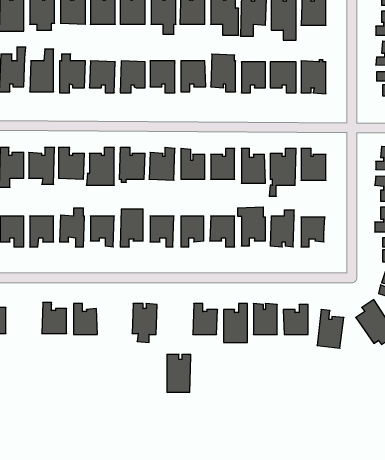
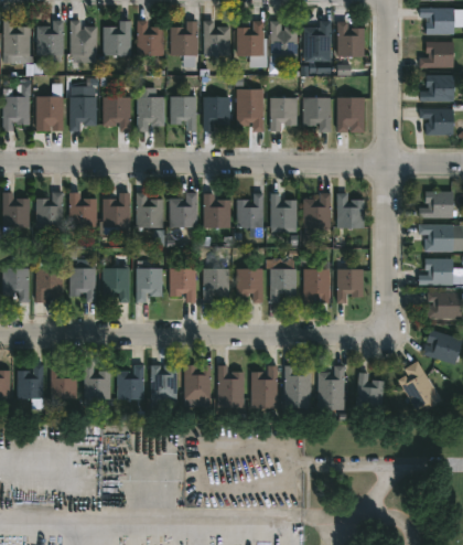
building: none -> [18,364,43,408]
building: none -> [117,365,144,399]
building: [167,354,191,392] -> [184,365,211,407]

